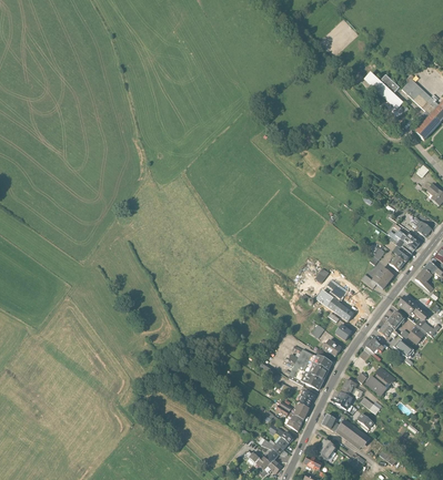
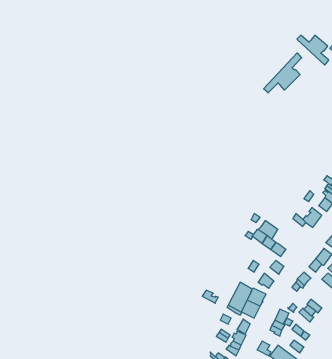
building: none -> [264,53,302,93]

